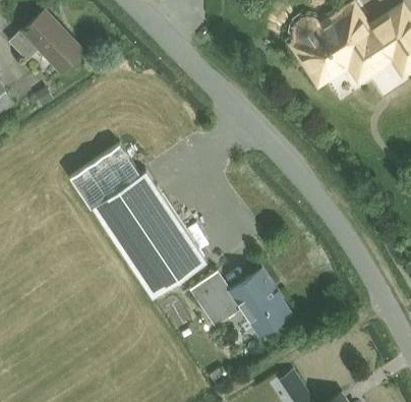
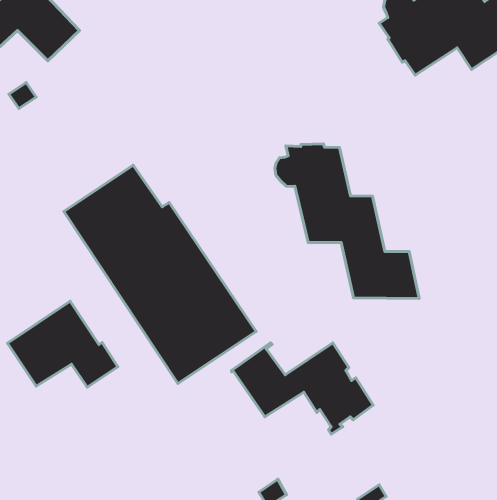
building: none -> [275,144,419,299]
building: none -> [7,301,118,387]

